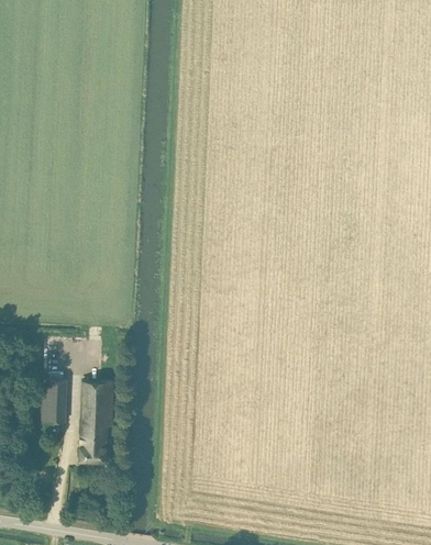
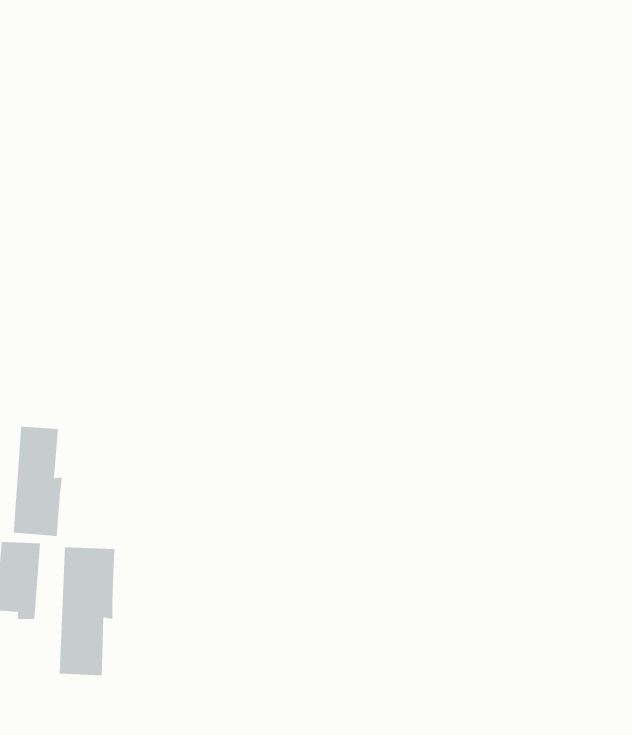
building: none -> [13,426,62,537]

